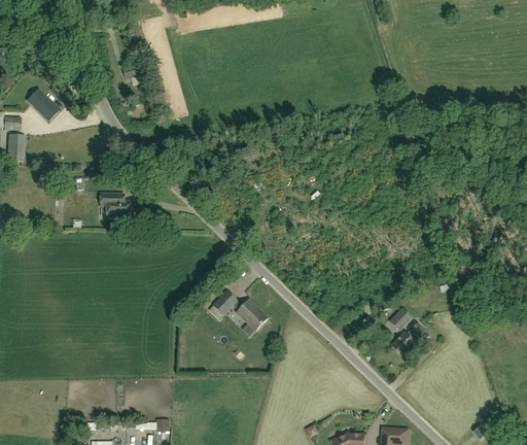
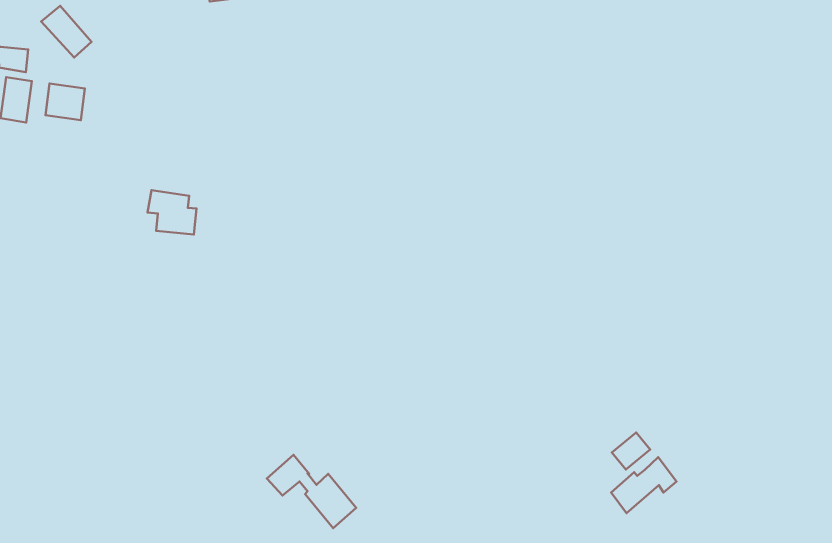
building: none -> [46,84,85,120]
building: [212,289,267,331] -> [267,455,356,528]

